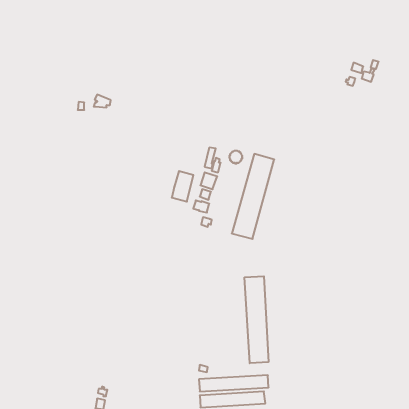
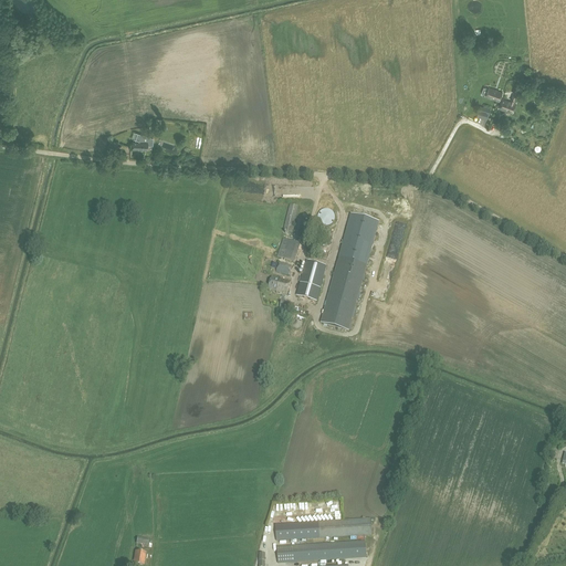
building: [172,171,193,202] -> [295,259,325,301]
building: [245,276,268,363] -> none

